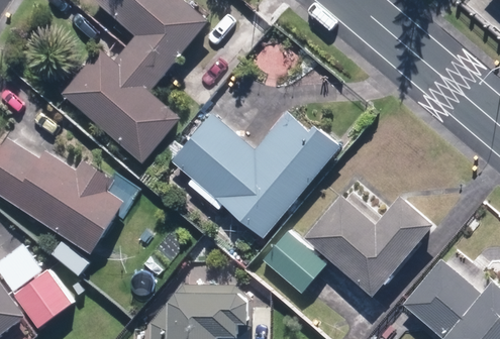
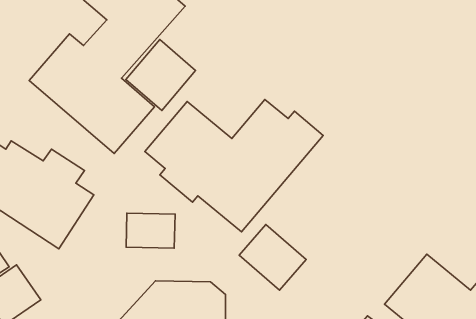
building: none -> [126,40,196,110]
building: [304,195,433,296] -> none
building: none -> [126,213,175,248]

